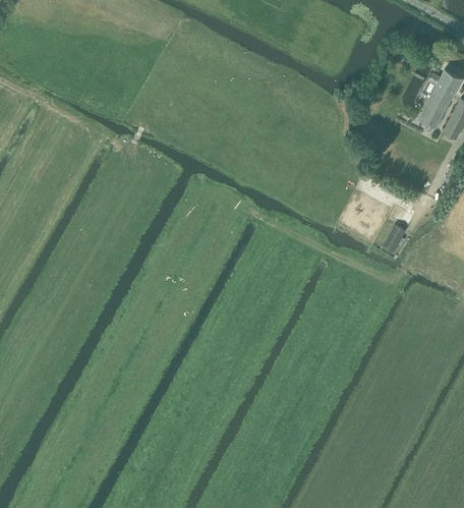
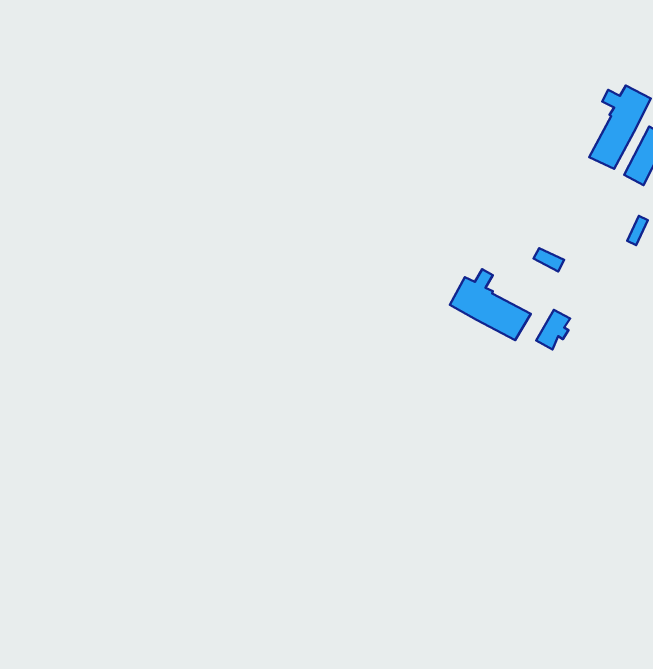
building: none -> [450,269,531,340]

